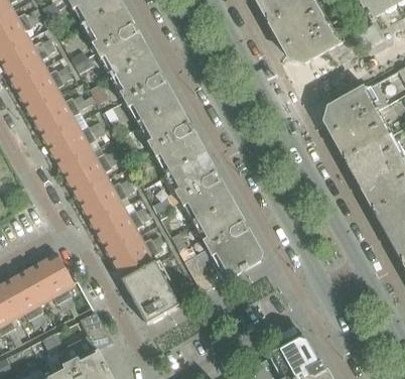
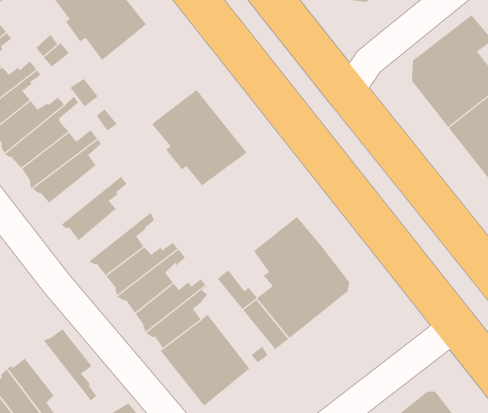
building: [114,52,176,122] -> none
building: [61,144,115,181] -> none
building: [156,152,232,221] -> none
building: [78,176,131,210] -> none
building: [28,259,69,309] -> none

